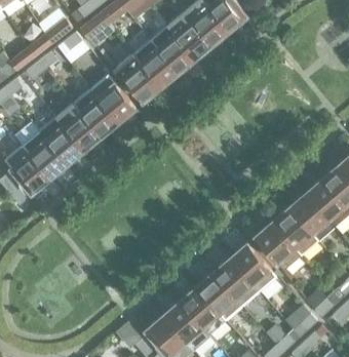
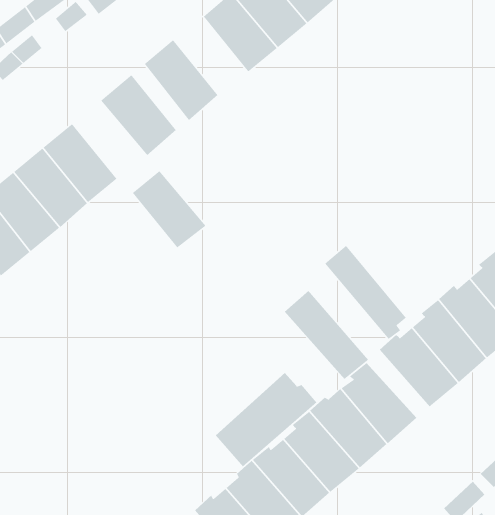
building: [132,41,177,87] -> none
building: [73,90,117,136] -> [132,170,207,249]
building: none -> [324,245,407,340]
building: none -> [284,290,369,380]
building: none -> [215,372,317,467]

